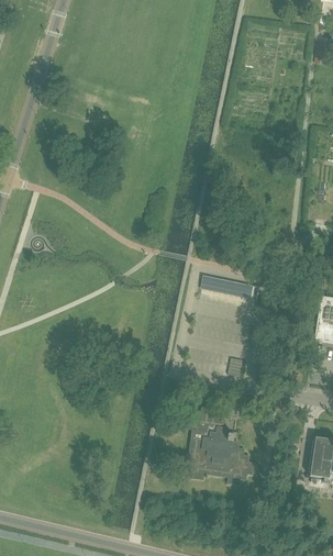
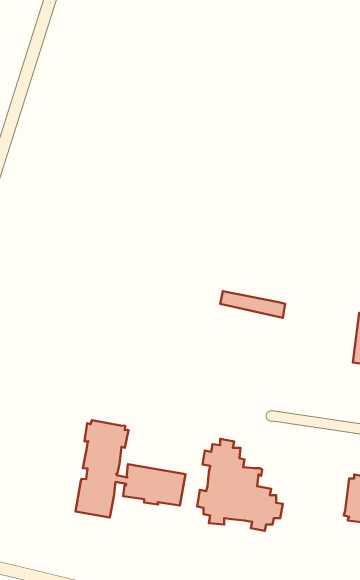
building: none -> [75,420,186,517]

